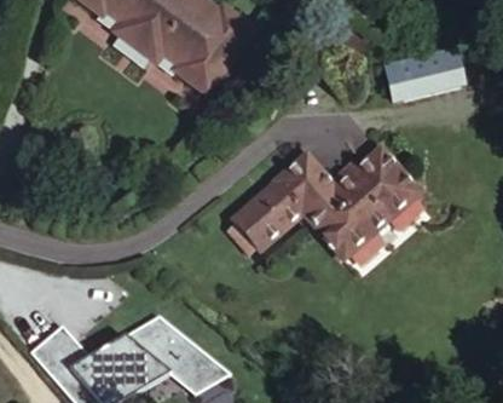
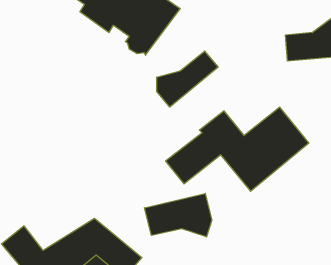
building: none -> [157,51,218,107]
building: none -> [144,193,212,237]

